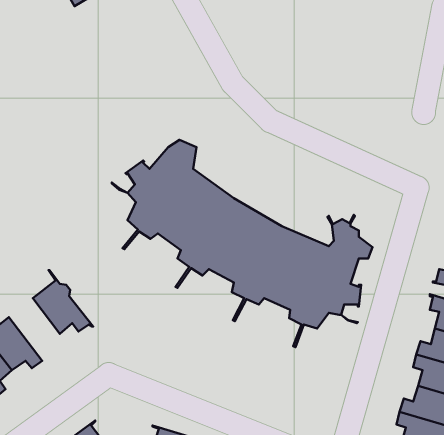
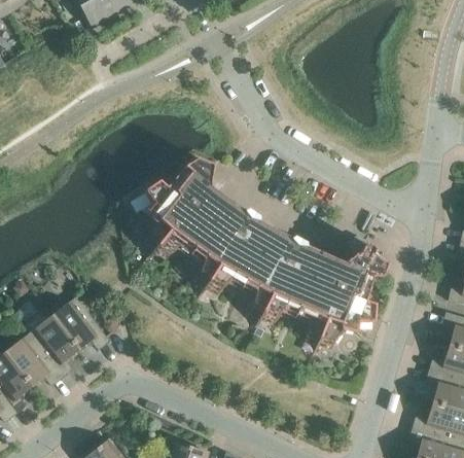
building: none -> [29,314,79,376]

